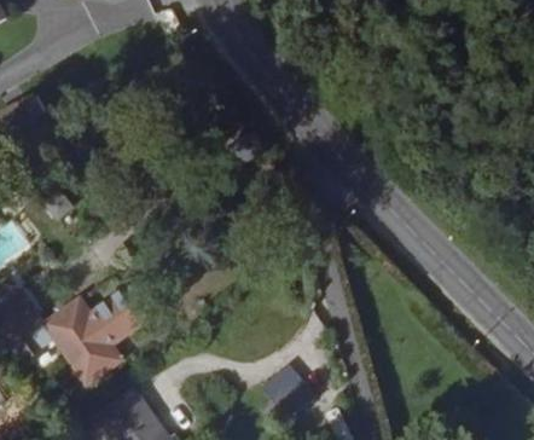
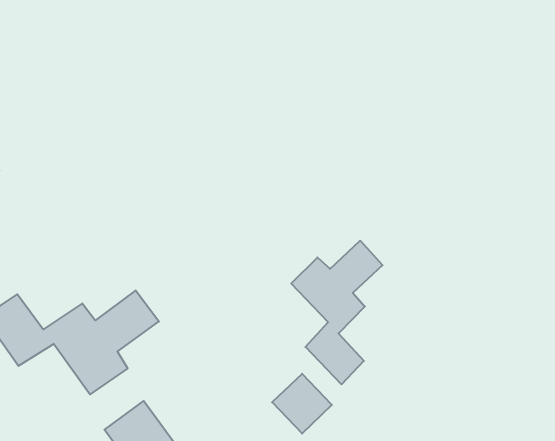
building: none -> [291,241,383,384]

